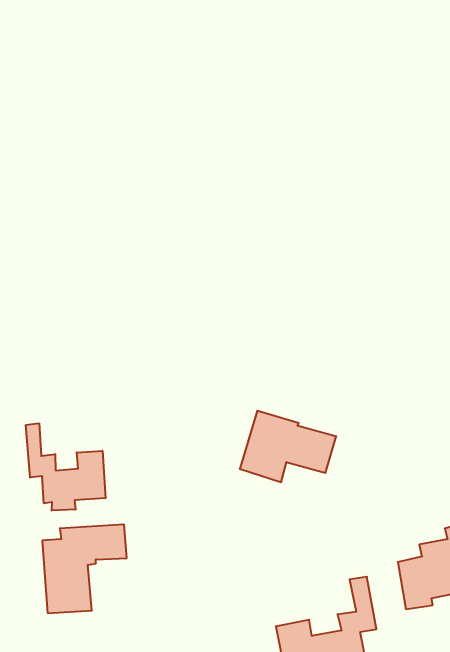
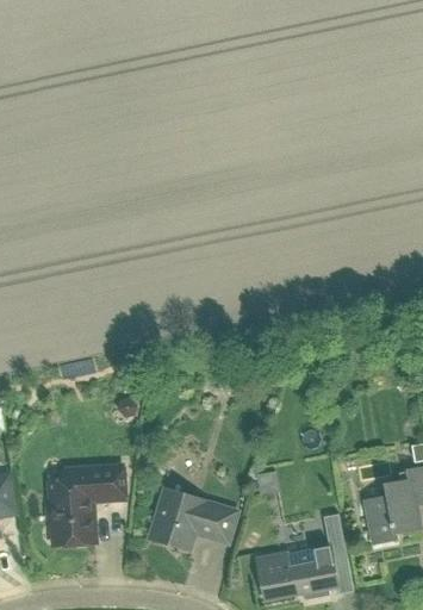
building: [240,411,336,482] -> [151,487,237,550]
building: [26,423,105,511] -> none

